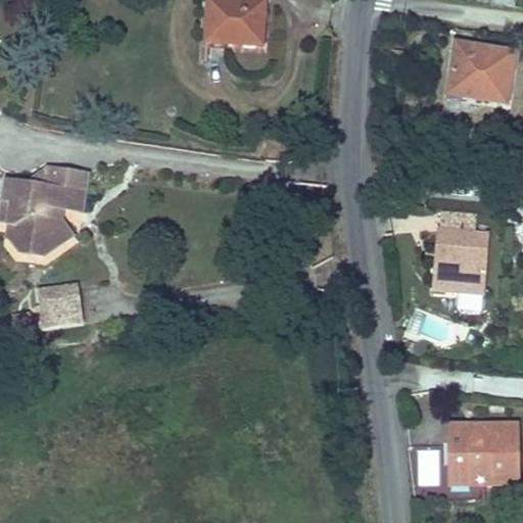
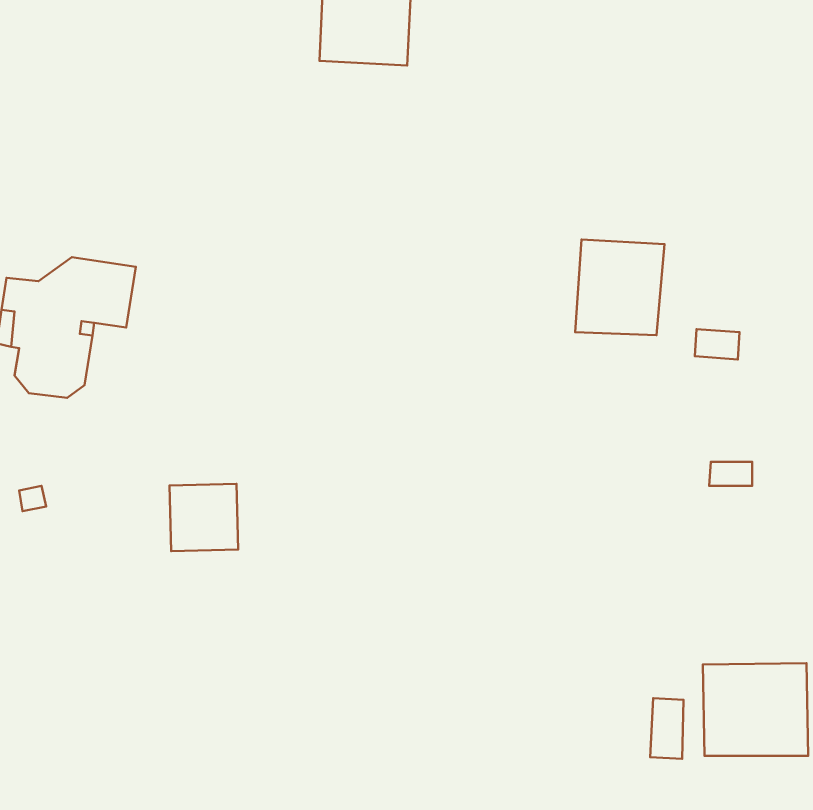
building: [448,42,512,99] -> none
building: [435,230,492,291] -> [575,239,665,335]
building: [35,284,79,327] -> [169,484,238,551]

